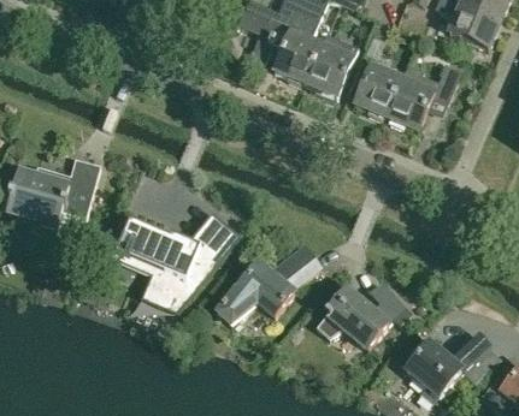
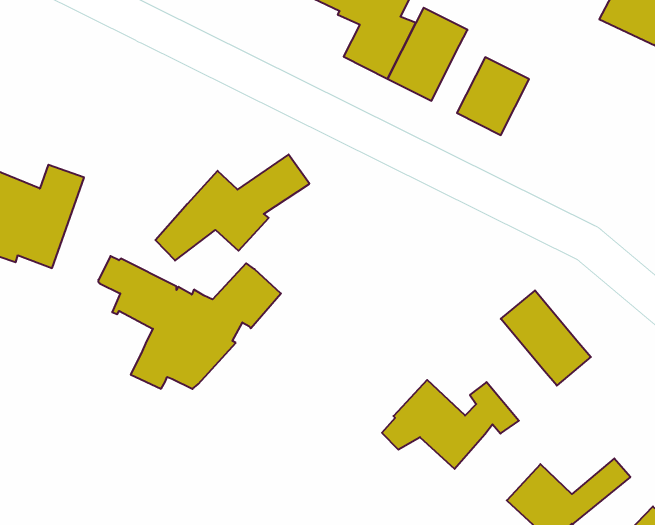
building: [385,61,461,127] -> none
building: none -> [501,290,591,386]
building: [217,244,320,322] -> [155,154,309,261]

